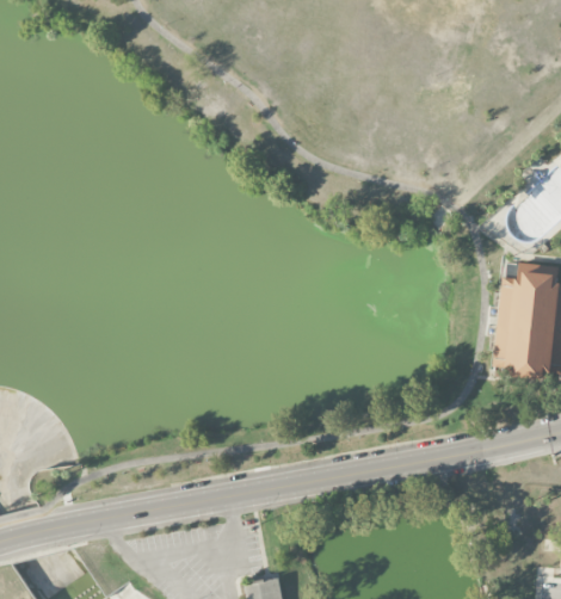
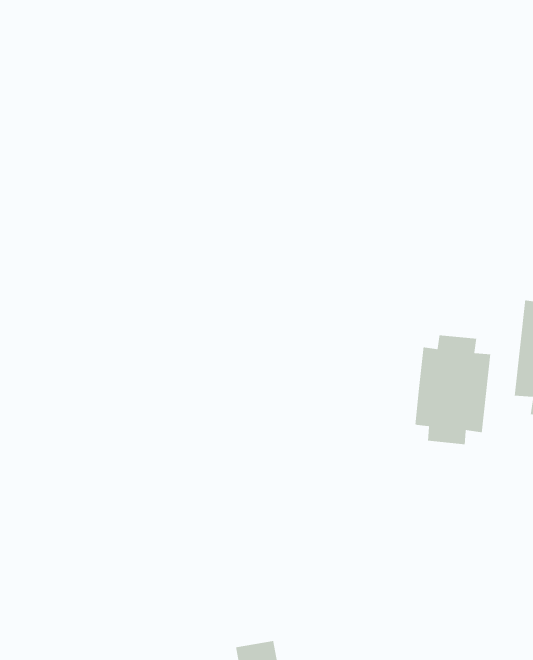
building: none -> [414,334,491,445]

